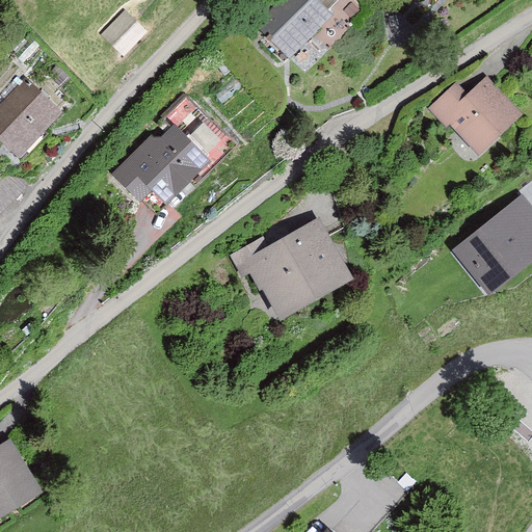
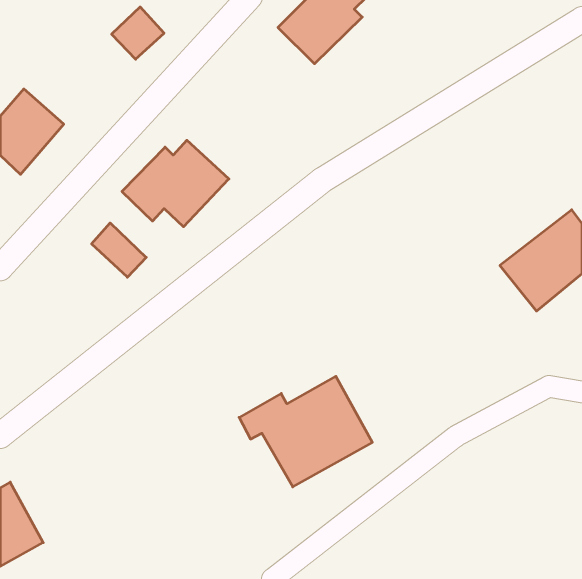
building: [426,78,520,155] -> none
building: none -> [92,223,146,277]
building: [231,219,352,320] -> [239,376,372,487]

